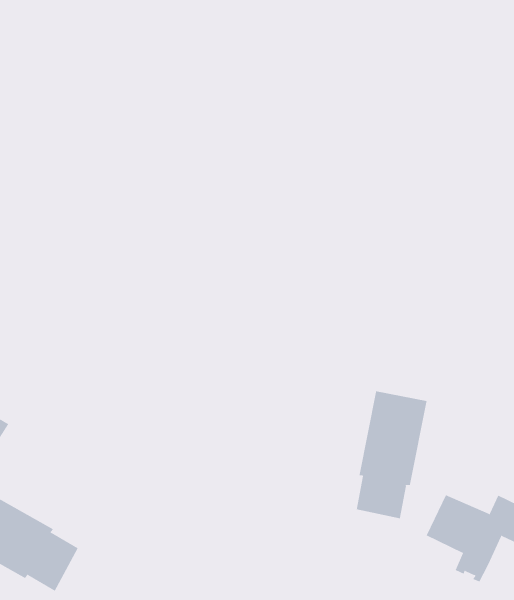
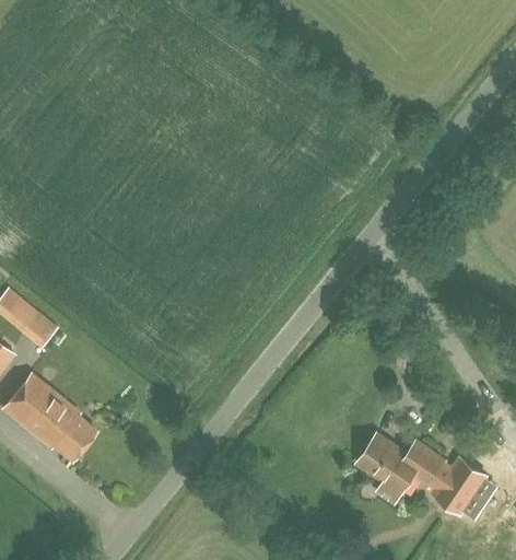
building: [356,390,427,519] -> none

